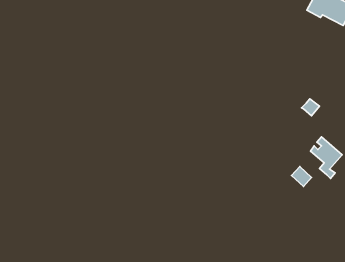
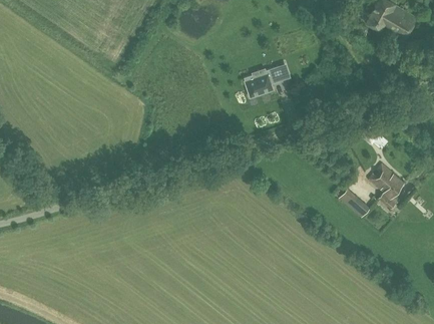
building: none -> [244,65,284,98]

